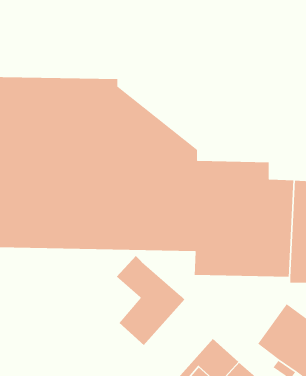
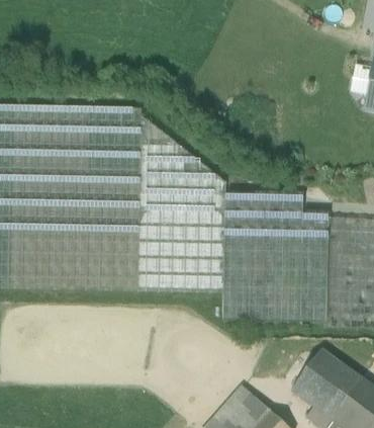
building: [116,255,185,346] -> none

